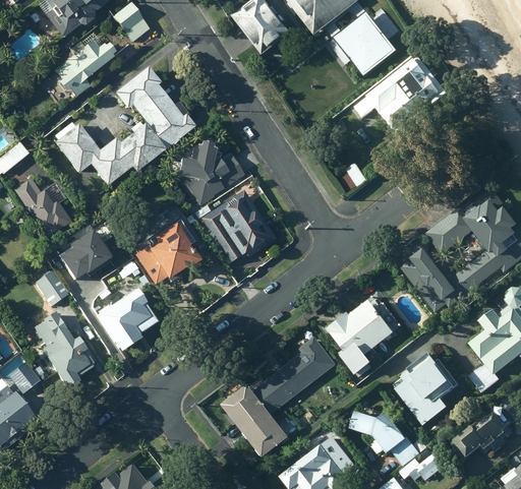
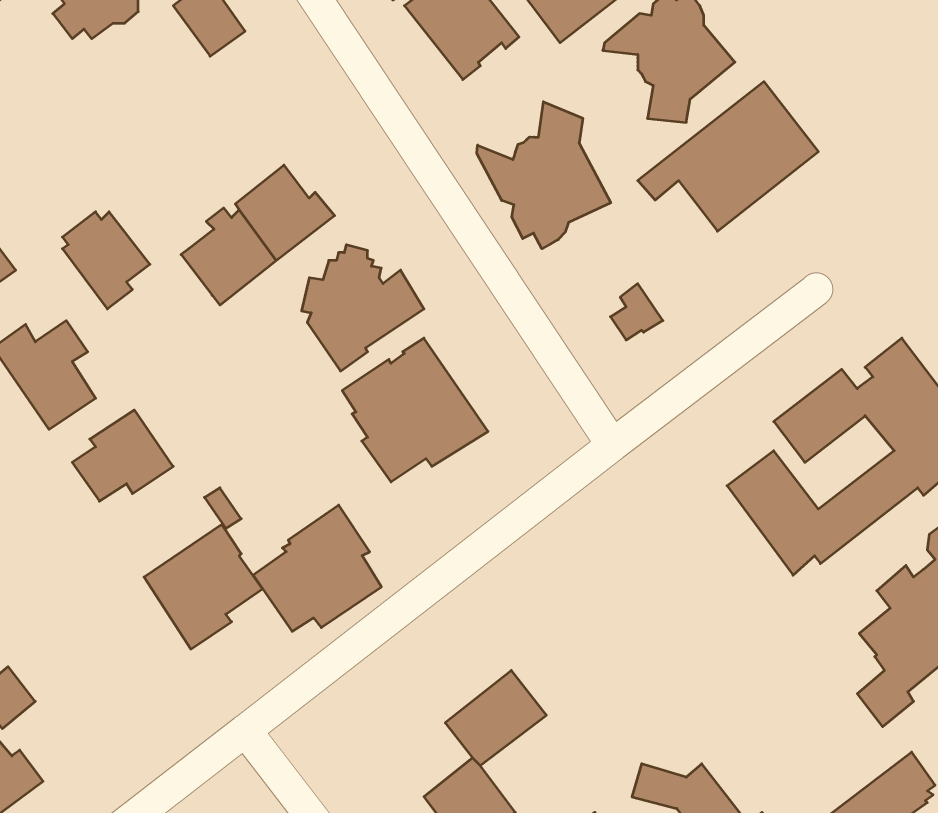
building: [58,38,115,97] -> none
building: [113,65,169,119] -> none
building: none -> [477,102,611,249]
building: [86,137,131,186] -> none
building: [133,218,200,284] -> [253,505,381,631]
building: [34,269,67,305] -> none
building: [328,294,400,375] -> none
building: [33,312,93,388] -> none
building: [288,335,335,386] -> none
building: [394,352,460,426] -> none
building: [223,384,268,429] -> none

